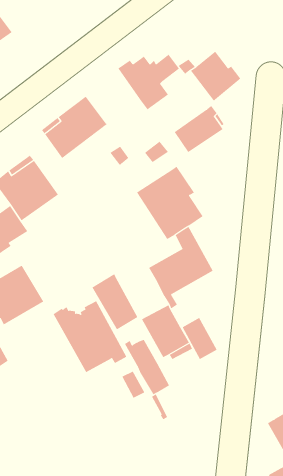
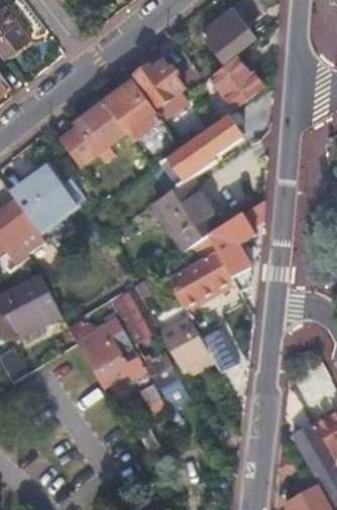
building: none -> [202,12,253,62]
building: none -> [105,84,153,132]
building: none -> [209,202,265,295]

